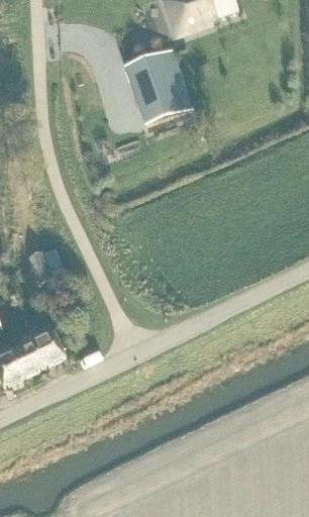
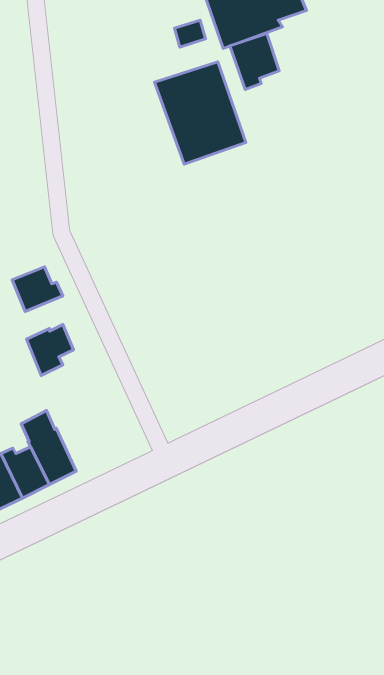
building: none -> [230,33,279,90]
building: none -> [12,267,63,312]

